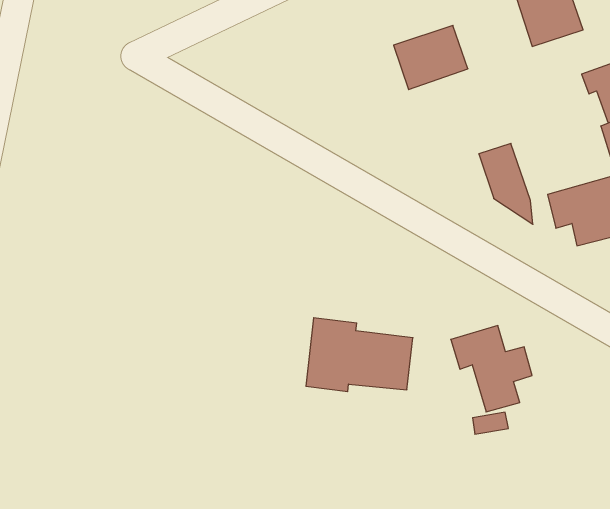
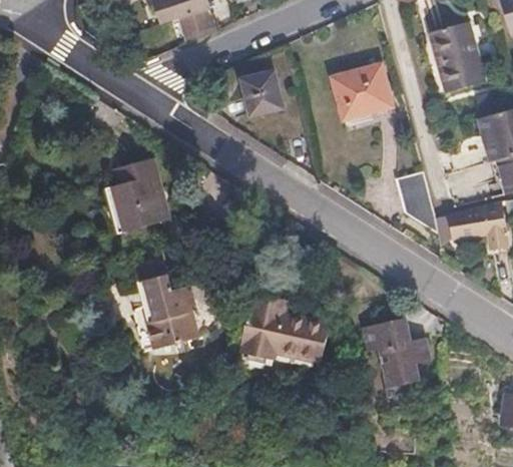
building: none -> [244,78,283,121]
building: none -> [111,157,167,231]
building: none -> [134,262,199,352]

